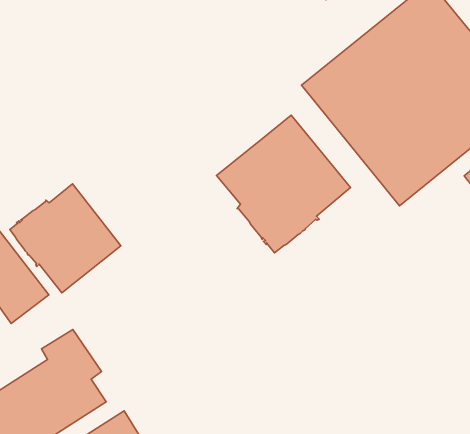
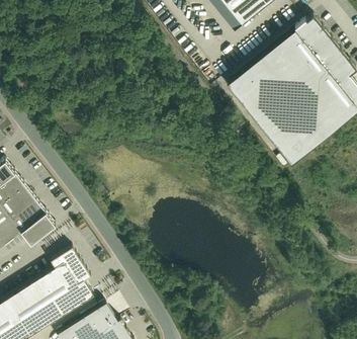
building: [217,115,351,253] -> none
building: [10,184,121,293] -> none

